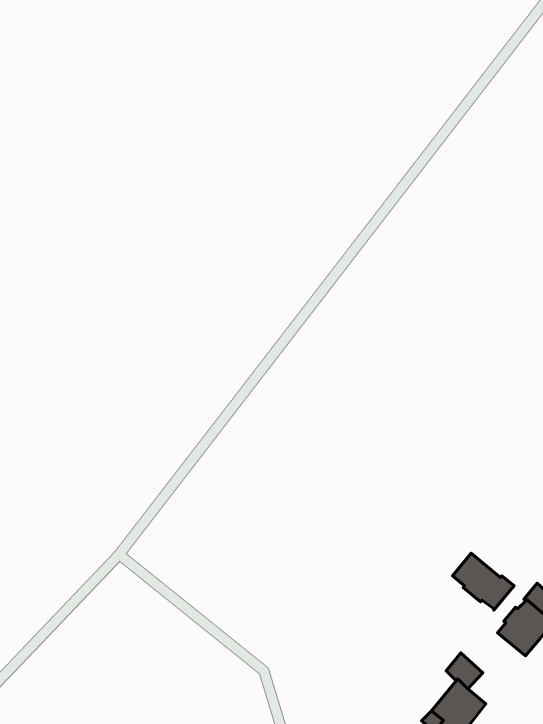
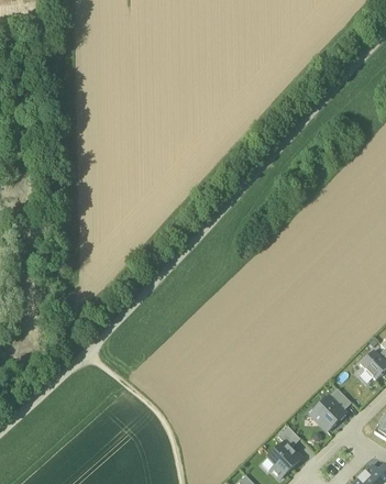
building: [452,553,514,610] -> none

